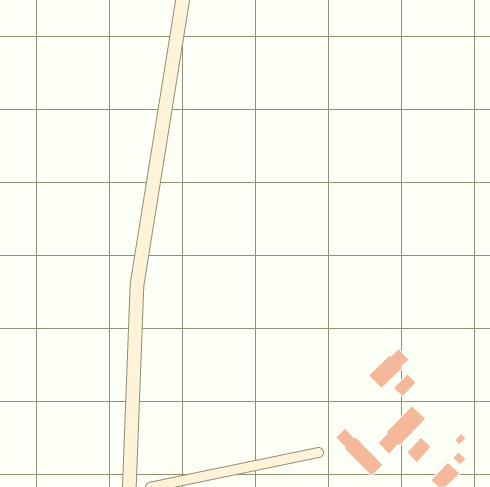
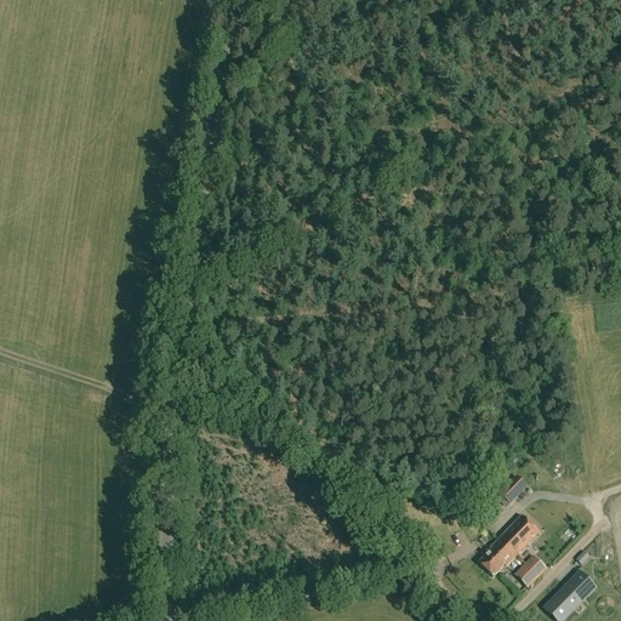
building: [368,349,410,389] -> none
building: [335,428,383,476] -> none

